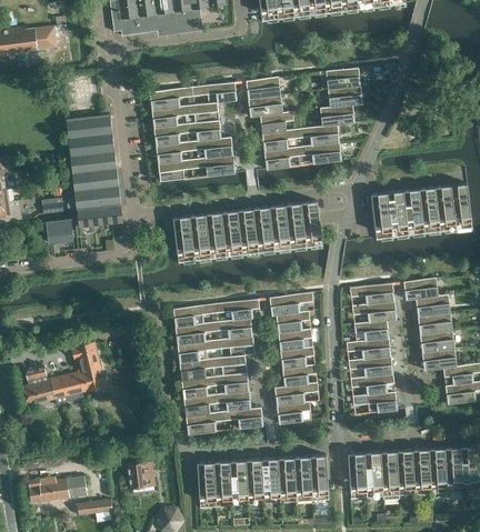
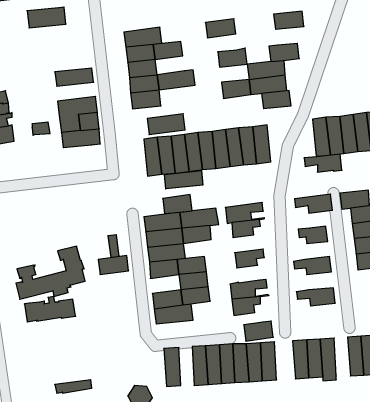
building: [191,82,236,106] -> none
building: [327,86,362,108] -> none
building: [247,94,281,118] -> none
building: [66,114,111,139] -> [27,7,66,28]
building: [186,120,220,142] -> none
building: [261,130,296,151] -> [262,91,291,109]
building: [70,151,116,173] -> none
building: [190,154,234,179] -> [147,114,185,135]
building: [46,220,72,243] -> none
building: none -> [164,170,203,189]
building: [351,301,396,322] -> [304,154,342,172]
building: [277,329,312,351] -> none
building: [219,335,253,358] -> [163,195,192,214]
building: [346,338,390,359] -> none
building: [281,364,316,387] -> none
building: [349,373,394,394] -> none
building: [180,377,216,399] -> [98,256,129,275]
building: [228,406,262,430] -> [244,321,273,341]
building: [396,450,414,495] -> none
building: [128,460,154,488] -> none
building: [213,461,231,506] -> none
building: [26,472,86,502] -> [24,296,76,322]

